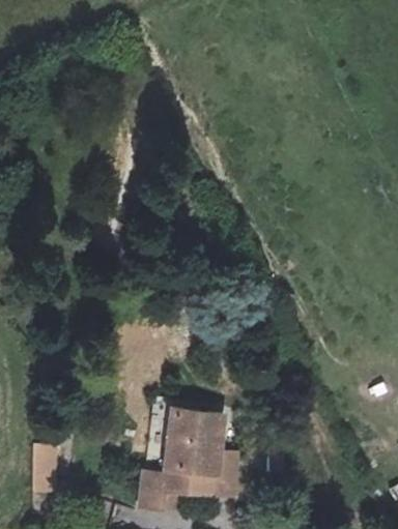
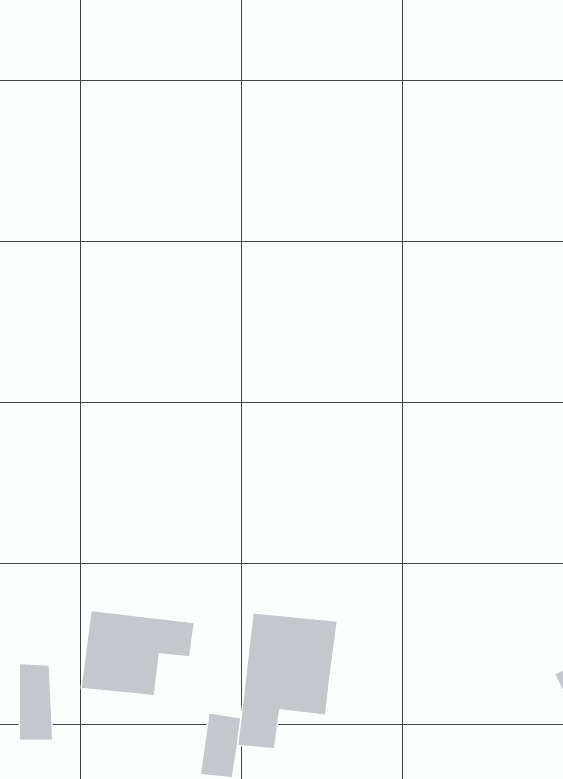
building: none -> [81,611,194,696]
building: [187,452,236,497] -> none

